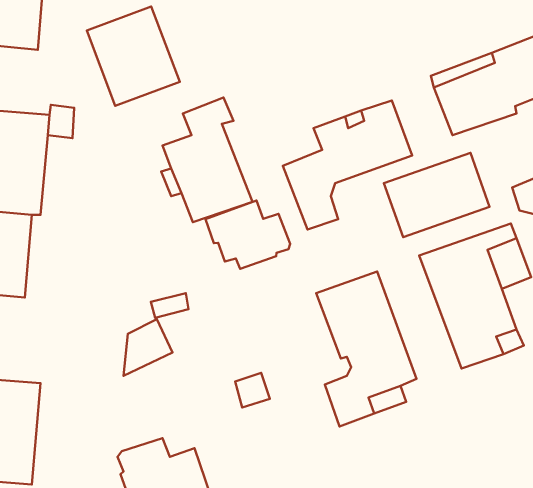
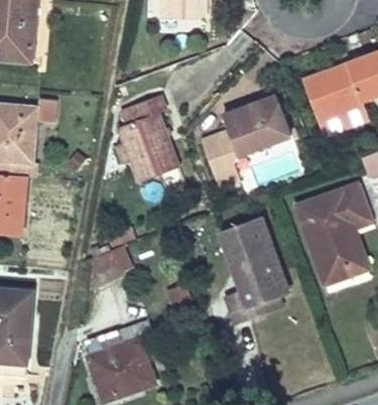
building: [87,6,180,106] -> none
building: [384,153,490,237] -> none
building: [206,200,290,269] -> none

